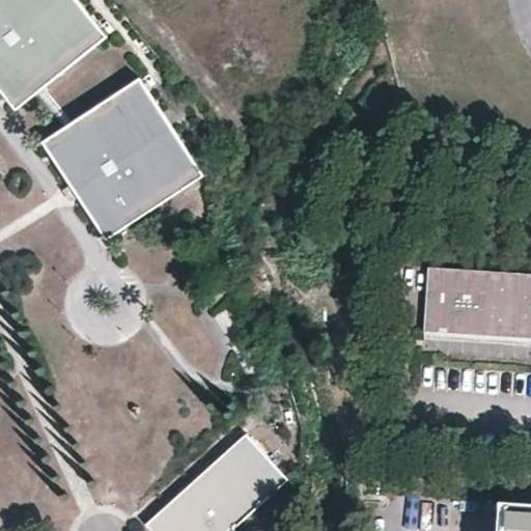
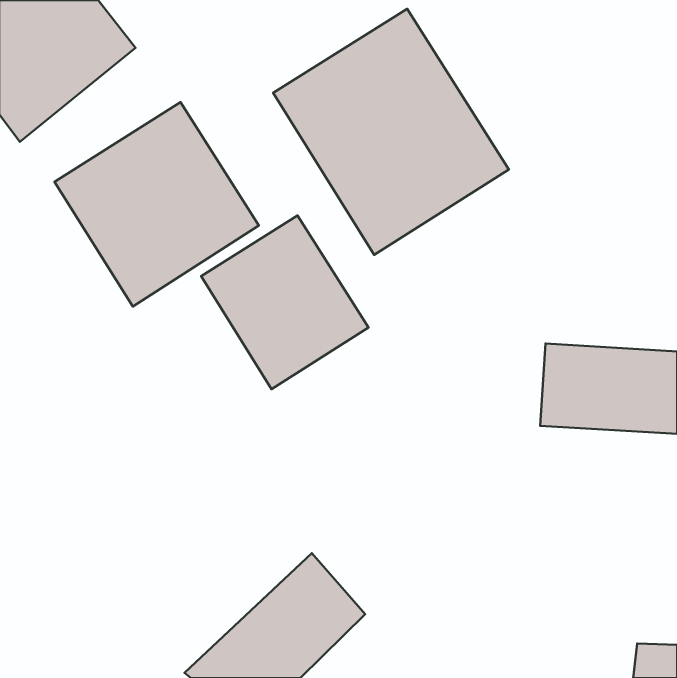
building: none -> [273,9,509,255]
building: none -> [201,215,369,389]

